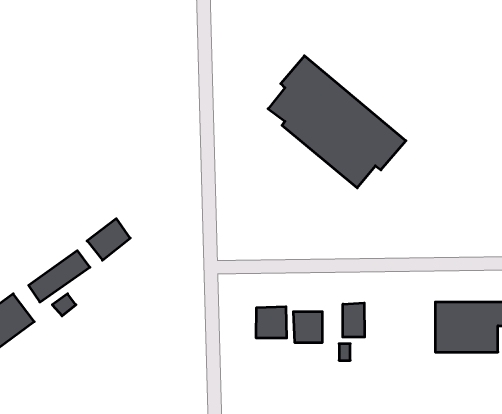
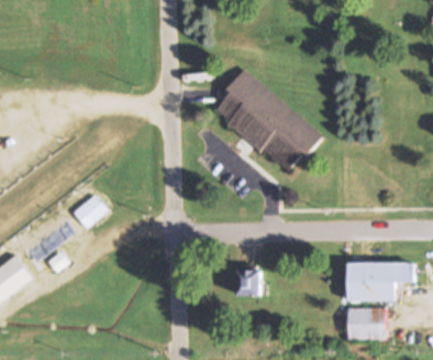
building: [343,303,365,337] -> none
building: [256,307,287,338] -> none
building: none -> [348,306,385,340]

